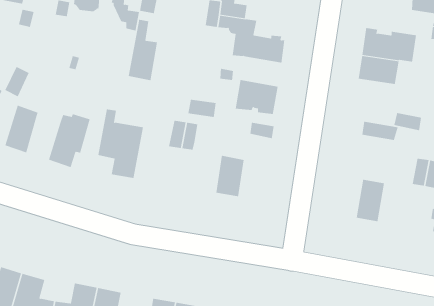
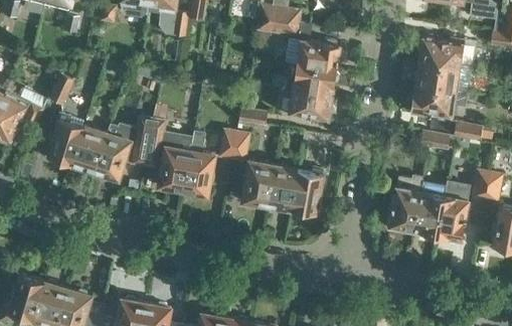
building: [128,19,158,81] -> [183,131,214,195]
building: none -> [293,63,337,95]
building: none -> [412,87,468,122]
building: none -> [71,125,106,171]
building: none -> [242,162,274,205]
building: none -> [292,169,324,214]
building: none -> [385,186,420,231]
building: none -> [437,195,468,239]

